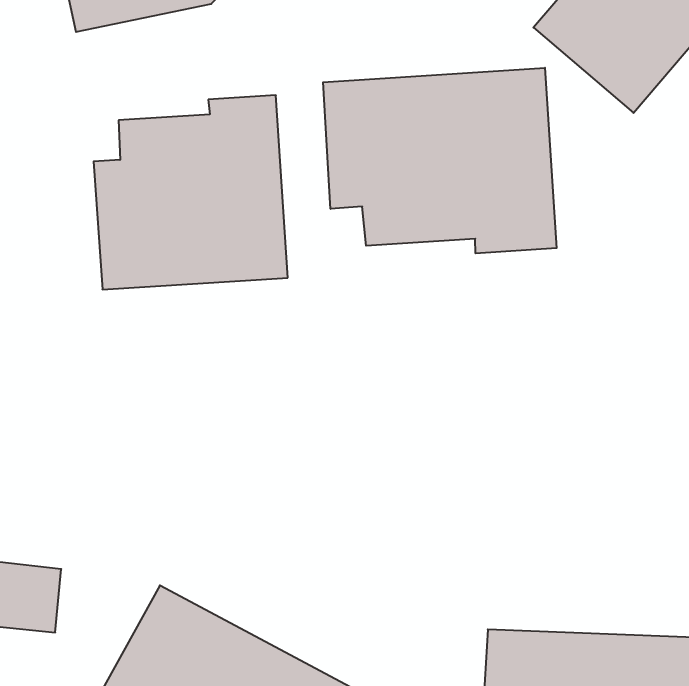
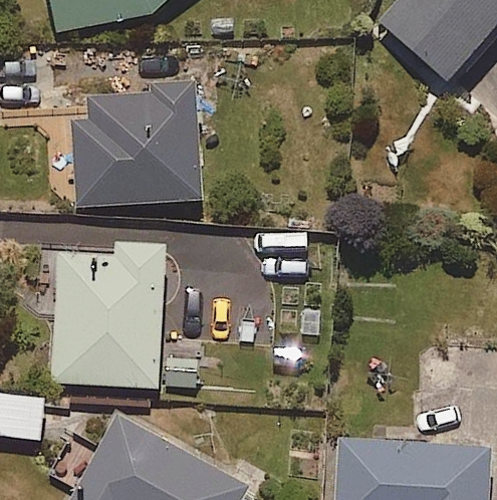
building: [323,68,557,253] -> none
building: none -> [49,237,168,392]

